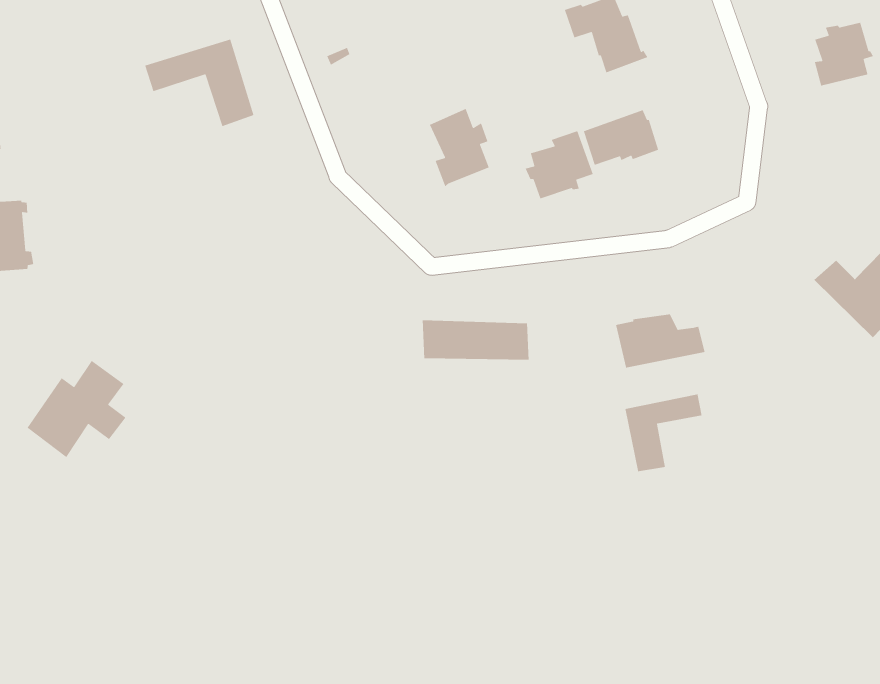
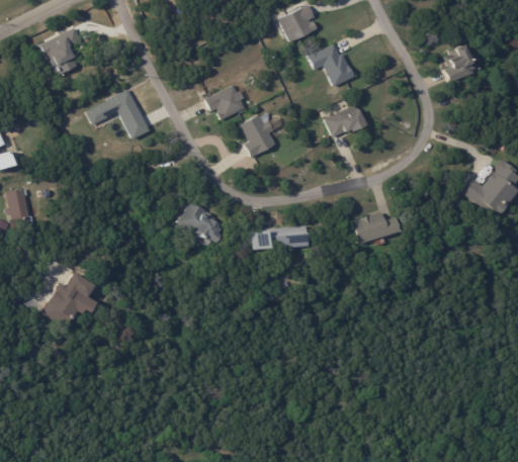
building: none -> [206,84,246,119]
building: [525,130,594,199] -> none
building: none -> [179,201,222,245]
building: [625,394,703,472] -> none

